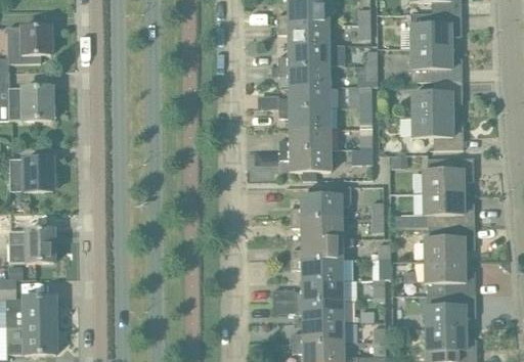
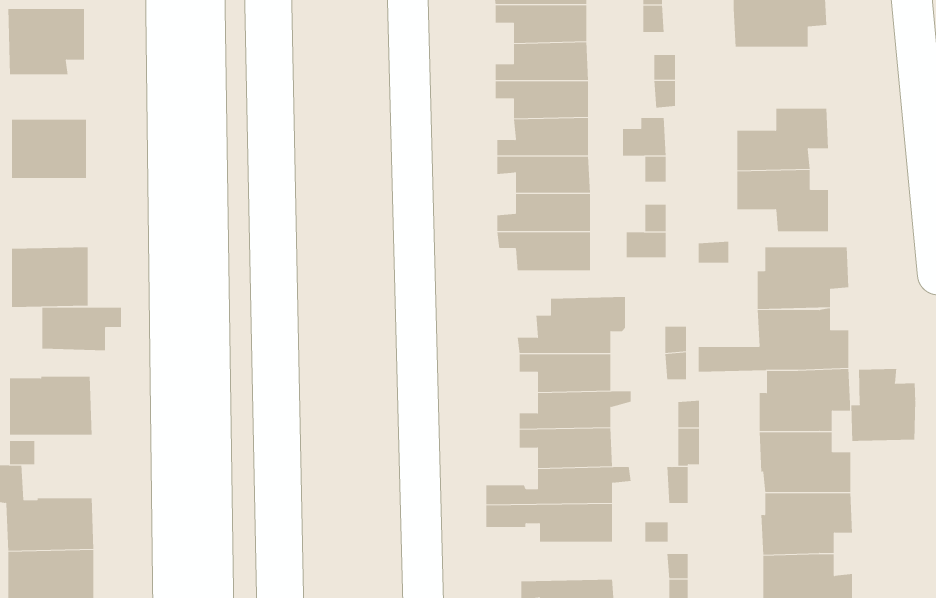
building: [410,47,462,81] -> none
building: none -> [42,307,122,351]
building: none -> [851,368,916,442]
building: [292,321,343,343] -> none

